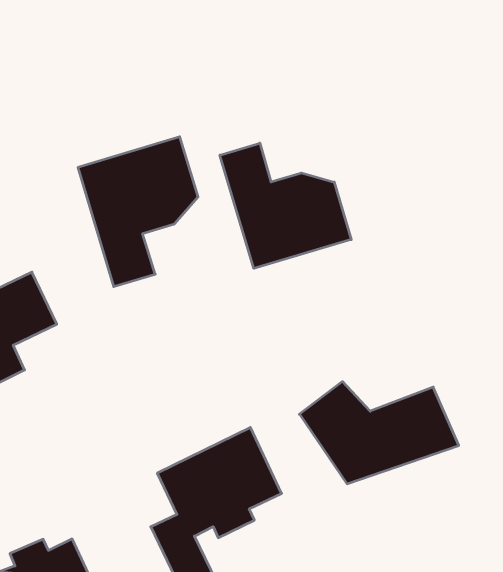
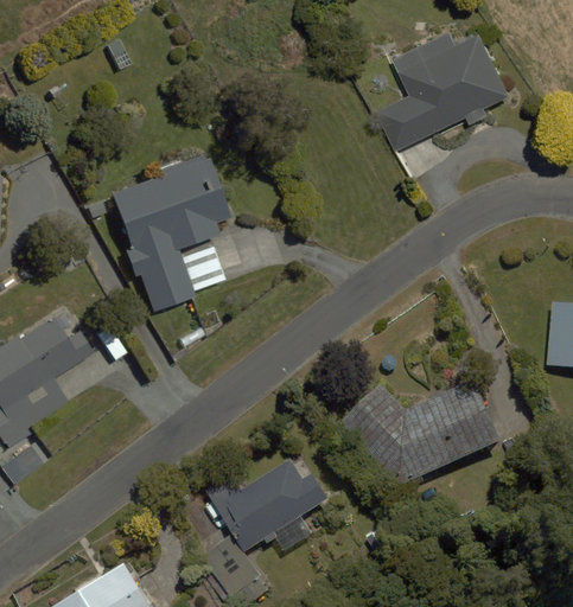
building: none -> [371,25,515,148]
building: [220,143,351,268] -> none

